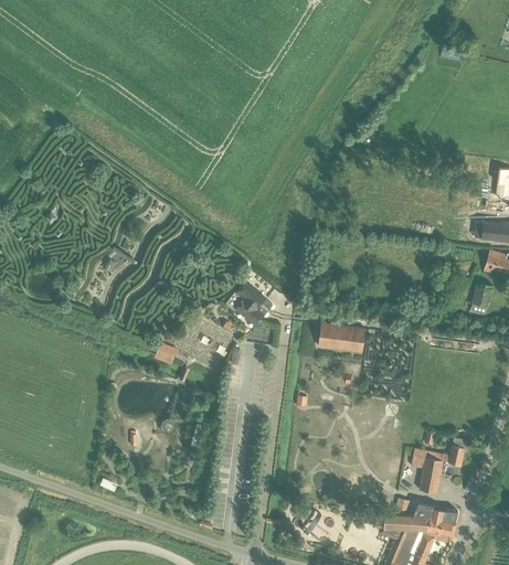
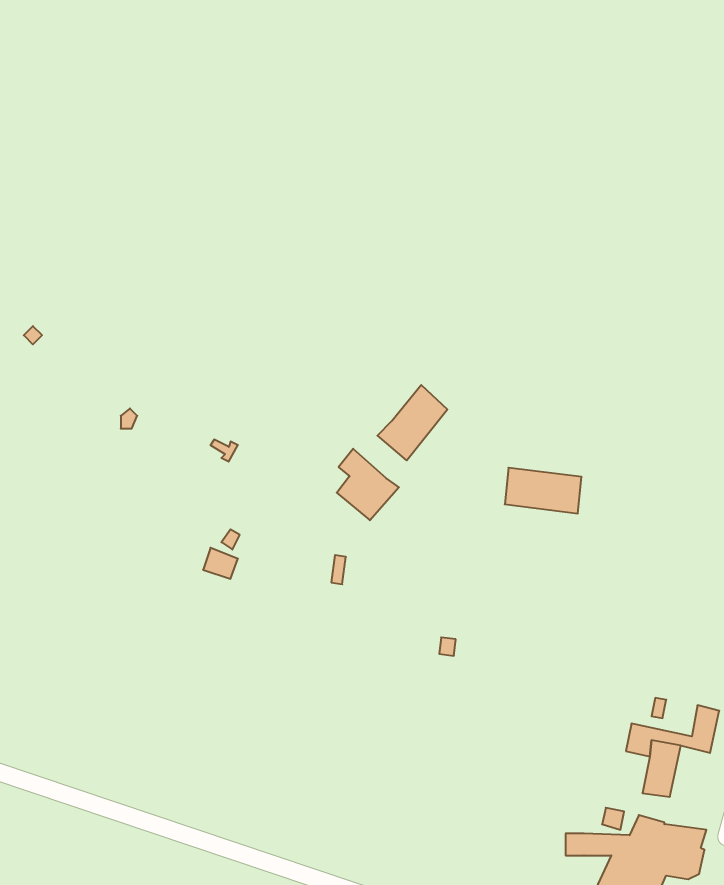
building: none -> [377,385,447,460]
building: [317,326,363,353] -> [505,468,582,513]

